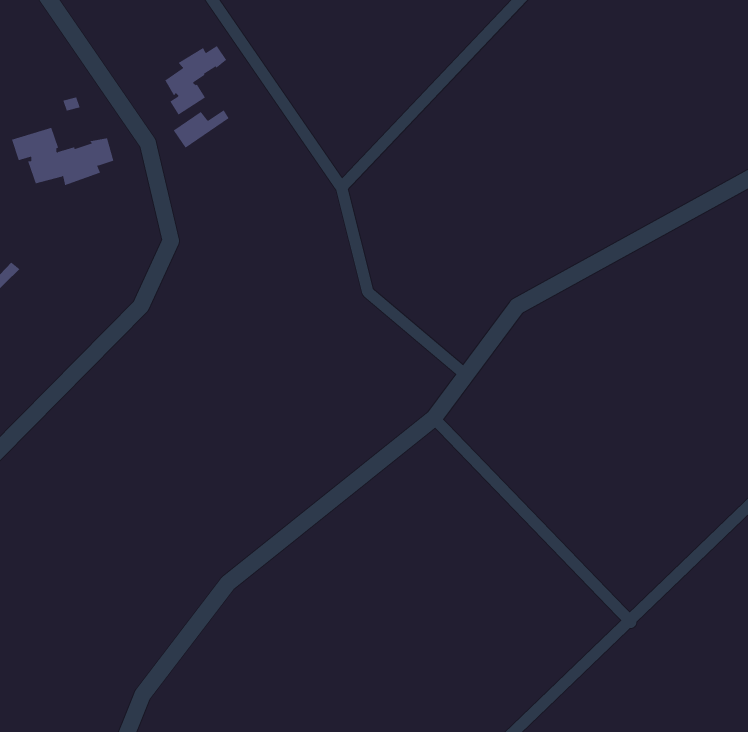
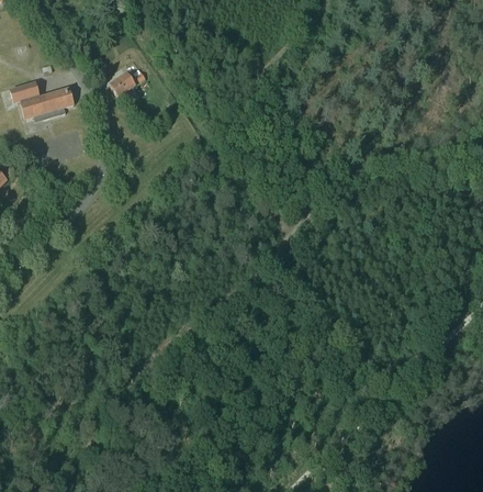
building: [164,45,228,116] -> none

